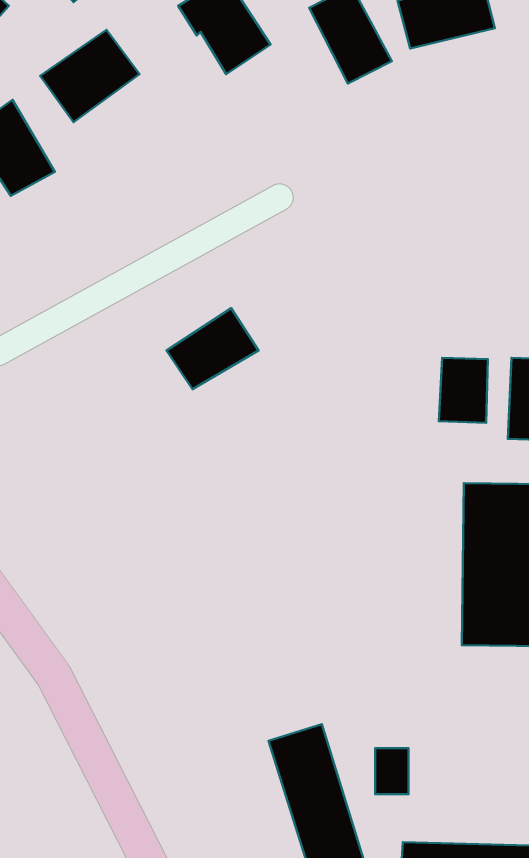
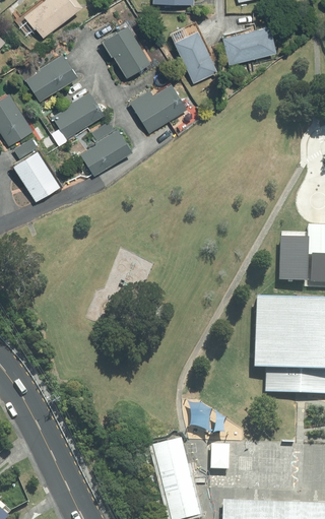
building: none -> [129,83,188,133]
building: none -> [50,92,104,139]
building: none -> [12,151,58,200]
building: [167,308,259,389] -> [80,129,131,174]
building: [439,358,488,423] -> none

